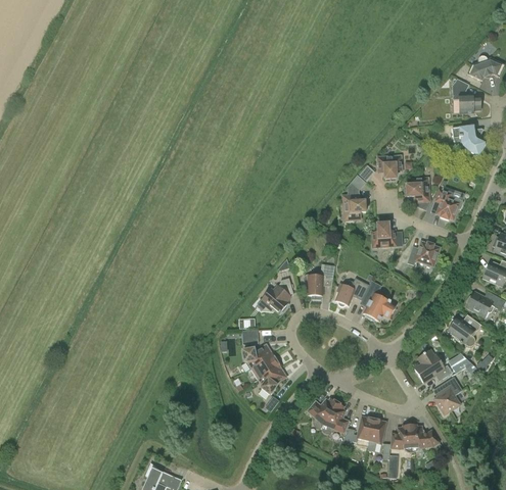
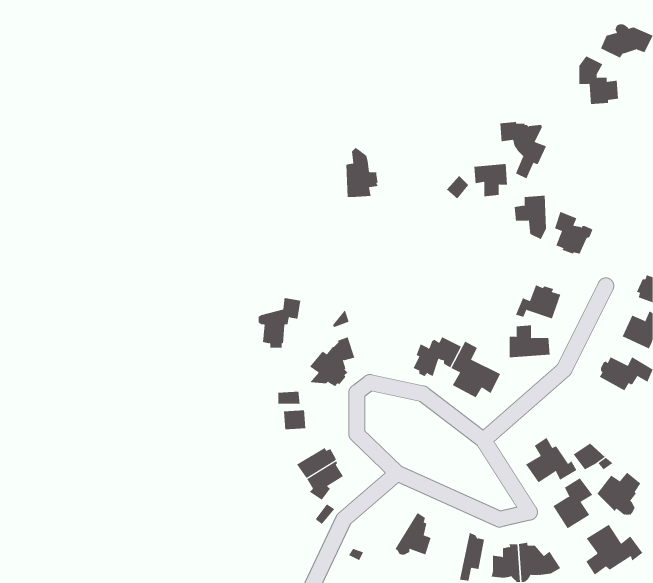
building: [452,126,486,166] -> [499,122,547,179]
building: [342,183,366,218] -> [345,147,379,198]
building: [372,223,402,246] -> [509,325,550,358]
building: [304,262,334,298] -> [258,298,301,348]
building: [448,314,479,345] -> [596,472,641,515]
building: [241,344,273,372] -> none
building: [308,397,337,428] -> none
building: none -> [586,524,643,576]
building: [342,414,374,443] -> none

